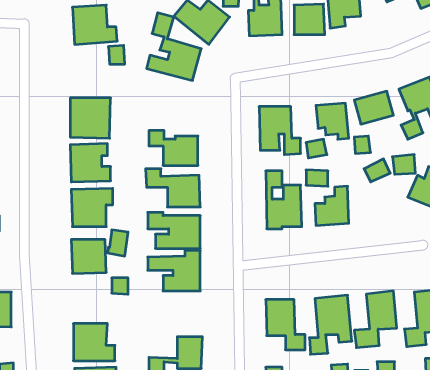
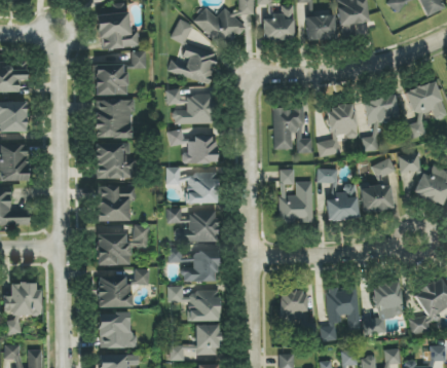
building: none -> [95,64,128,96]
building: none -> [166,88,214,123]
building: none -> [361,185,393,211]
building: none -> [98,277,133,307]
building: none -> [169,286,220,321]

